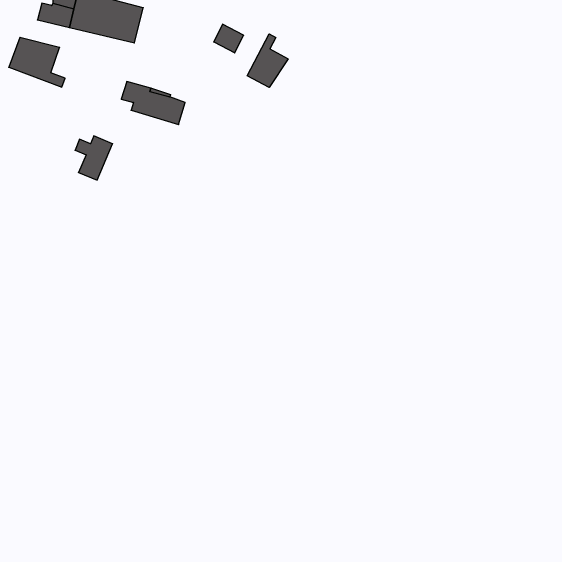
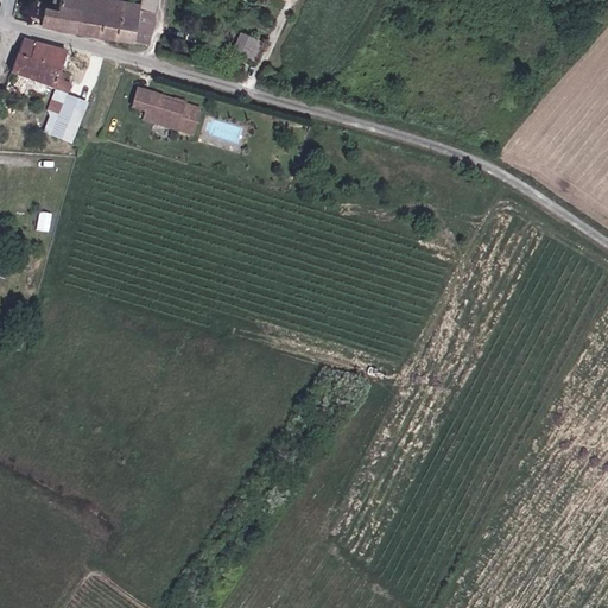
building: [247,34,288,87] -> none
building: [75,136,113,180] -> [48,95,88,142]

